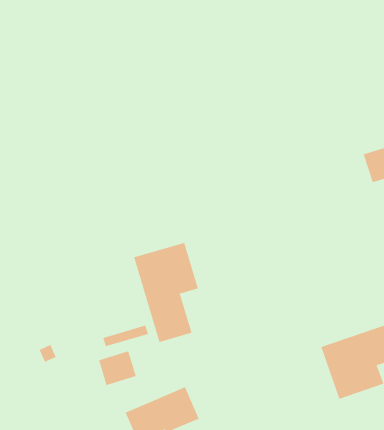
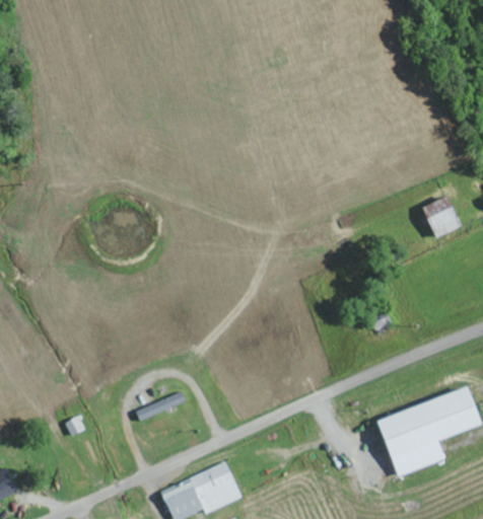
building: [133,242,198,343] -> none
building: [99,350,136,386] -> none

